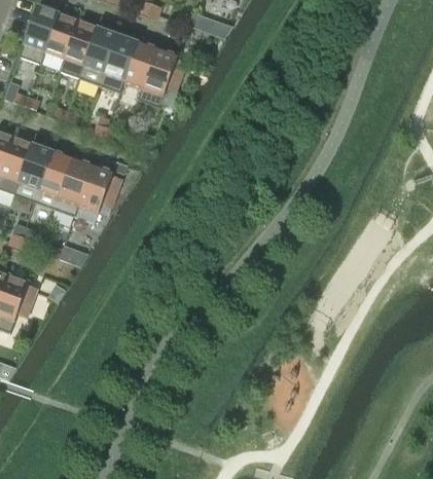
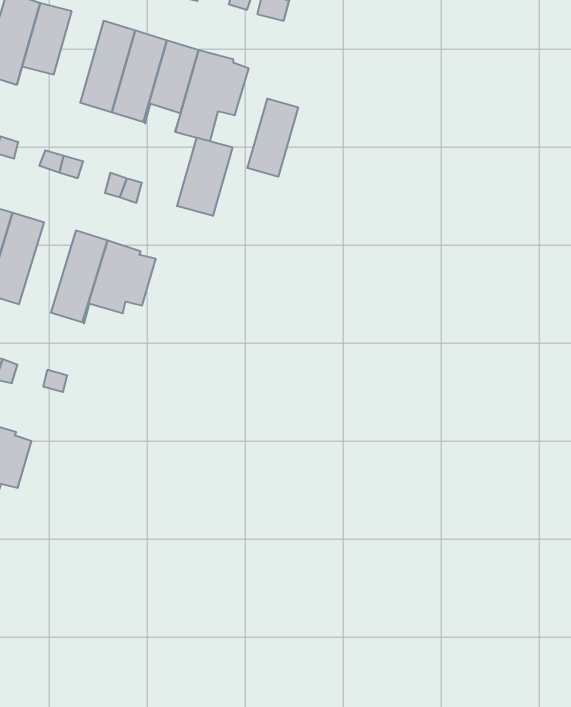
building: [60,19,97,76] -> none
building: none -> [247,99,298,177]
building: none -> [177,138,232,216]
building: [34,150,72,207] -> none

